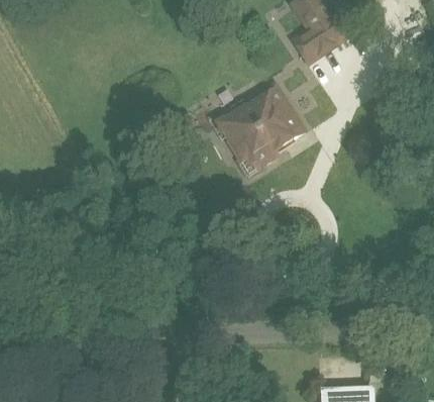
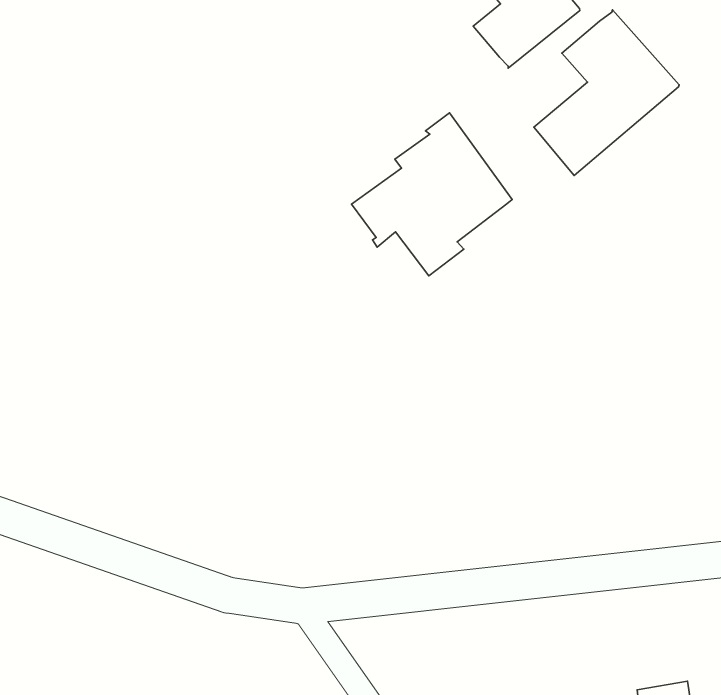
building: none -> [534,10,679,175]

